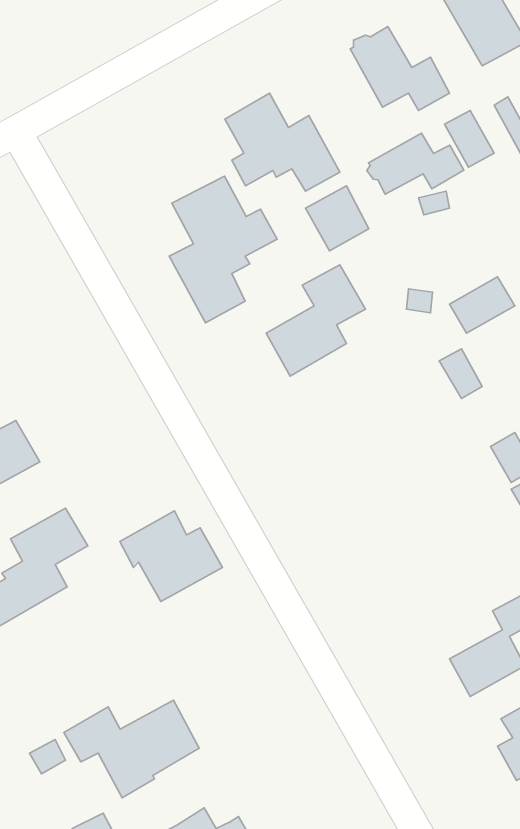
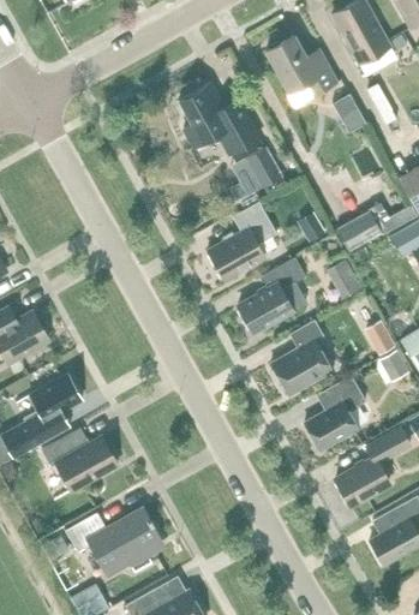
building: [367,133,464,194] -> none
building: [169,176,277,323] -> none
building: none -> [238,257,305,332]
building: none -> [270,318,333,394]
building: [120,511,223,602] -> [42,426,114,490]
building: none -> [304,375,366,449]

